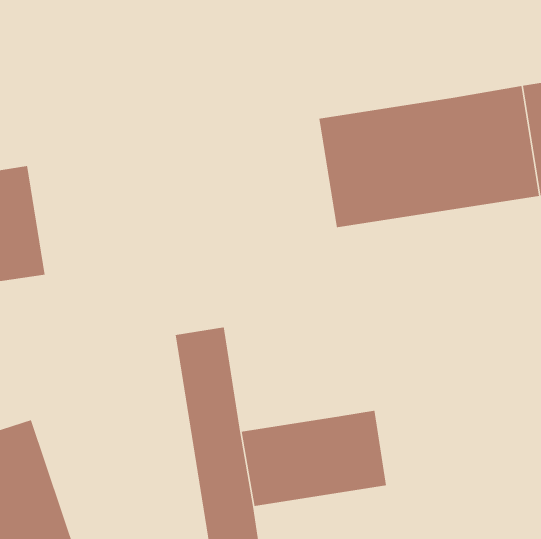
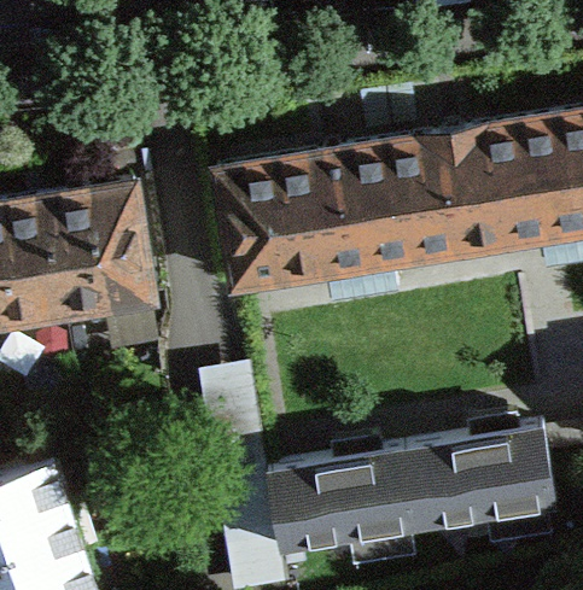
building: none -> [217,153,366,287]
building: none -> [49,187,152,314]
building: none -> [406,430,555,530]

